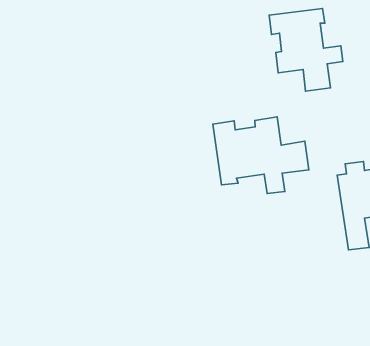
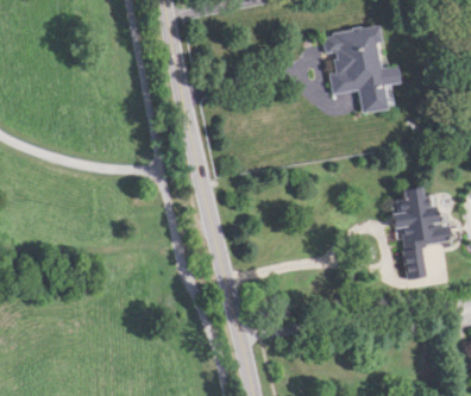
building: [213,117,309,194] -> none

